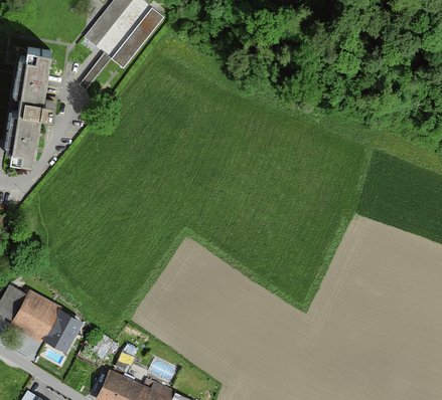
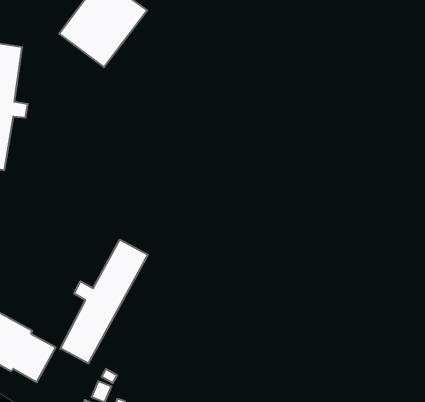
building: none -> [60,240,148,364]

